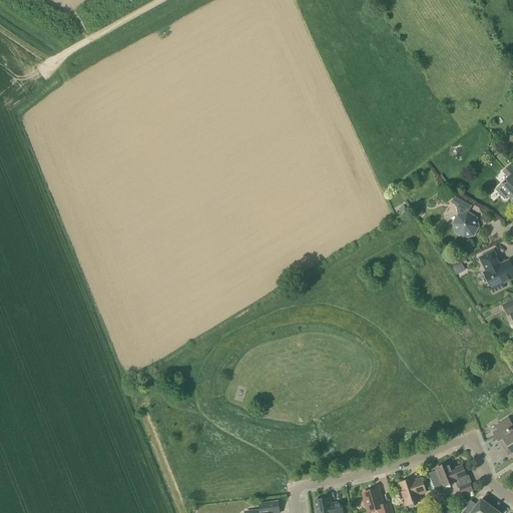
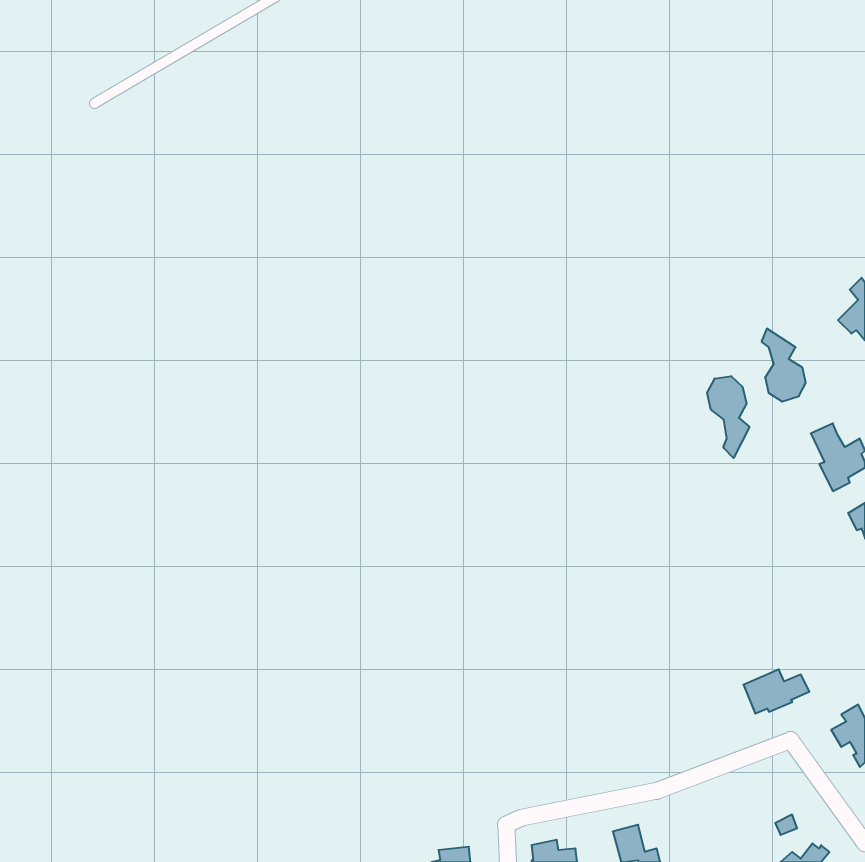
building: none -> [707,376,749,458]
building: [428,462,467,488] -> [743,669,809,714]
building: [399,478,426,505] -> none

